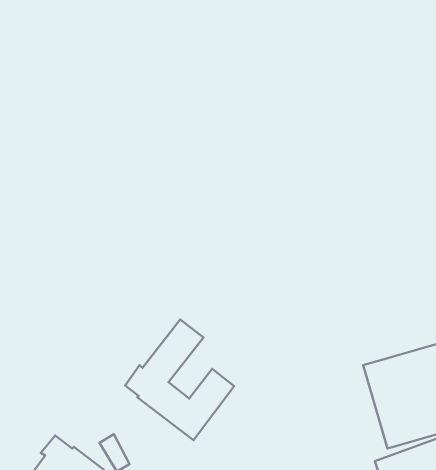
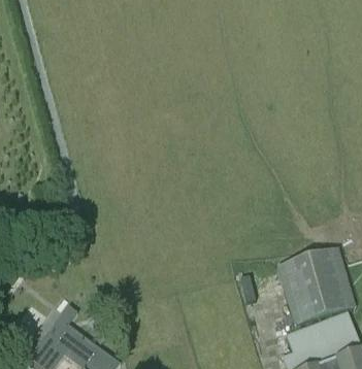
building: [125,320,234,440] -> none

